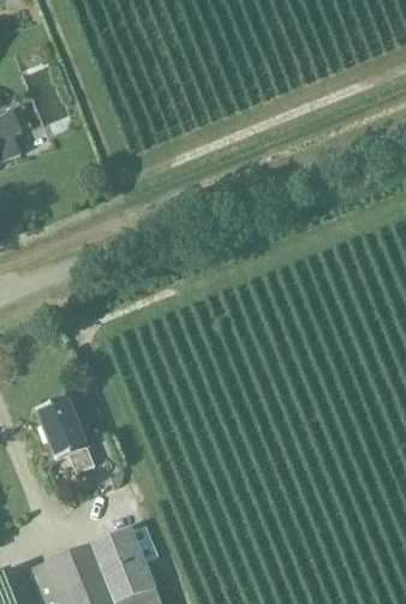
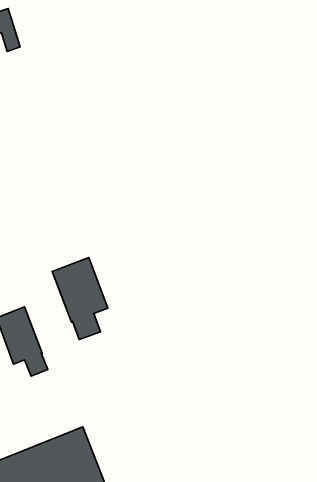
building: none -> [52,258,108,340]

